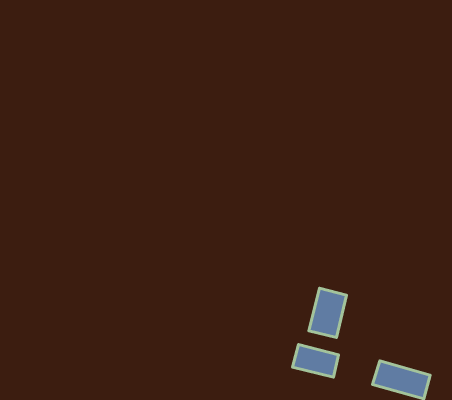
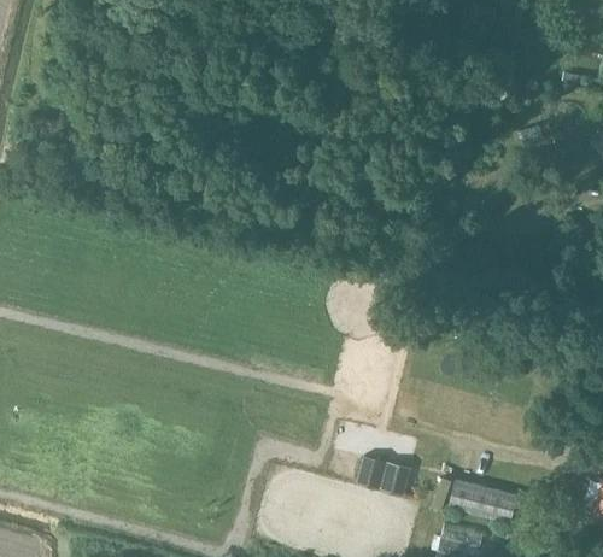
building: [309,288,347,337] -> none

